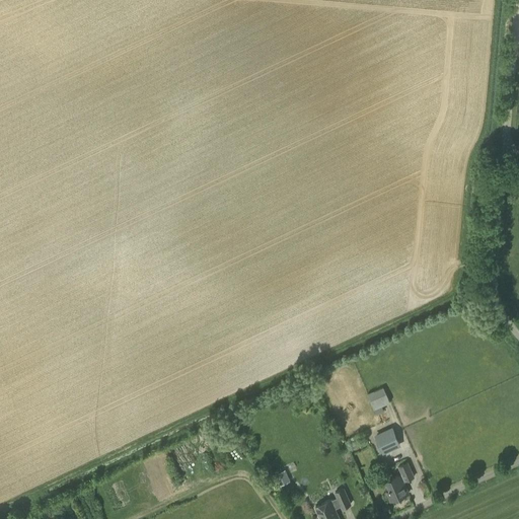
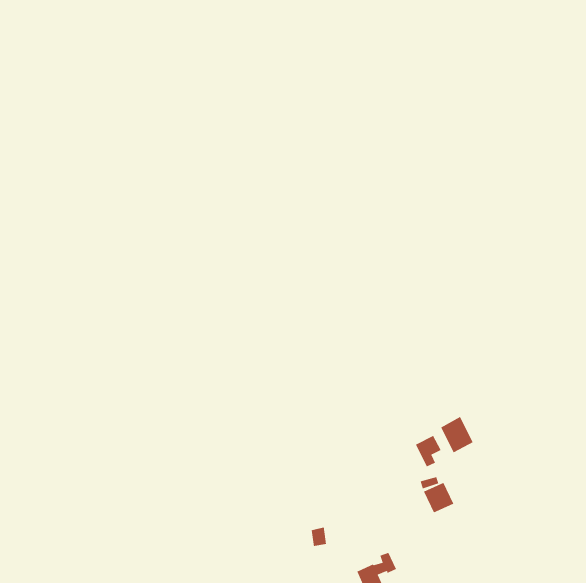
building: none -> [440,416,473,453]
building: [386,464,415,503] -> none

